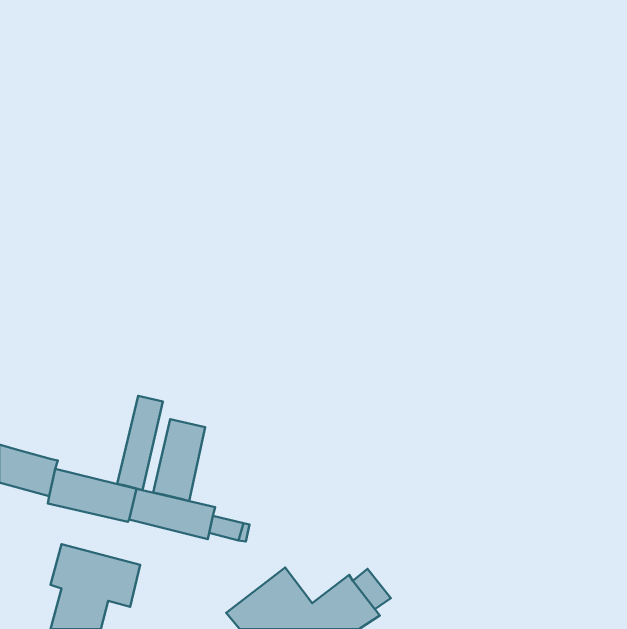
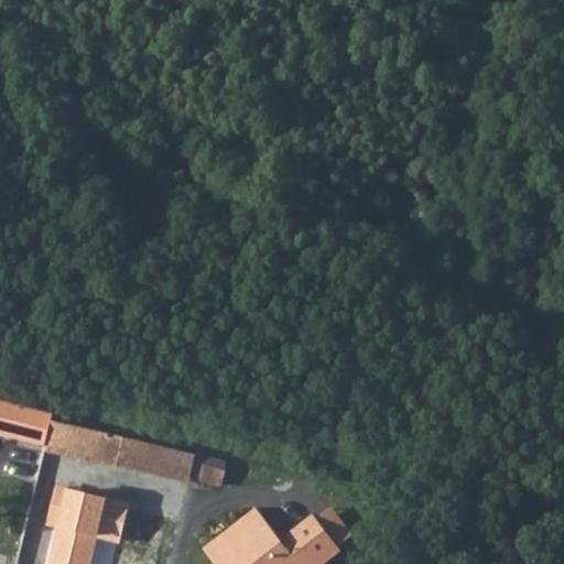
building: [117,396,163,490] -> none
building: [153,419,205,501] -> none

